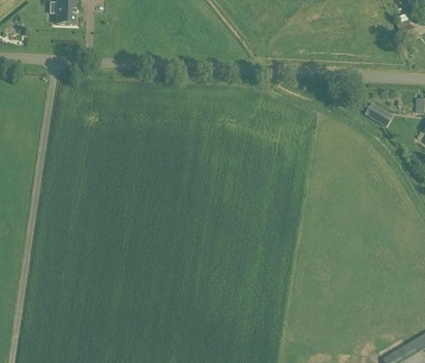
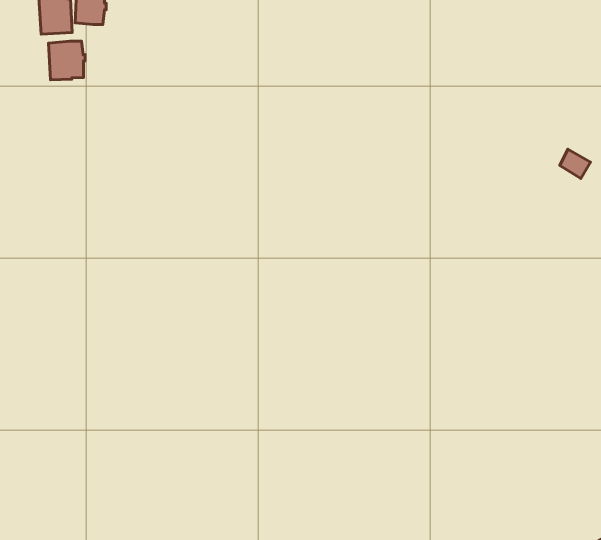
building: none -> [48,41,85,80]

